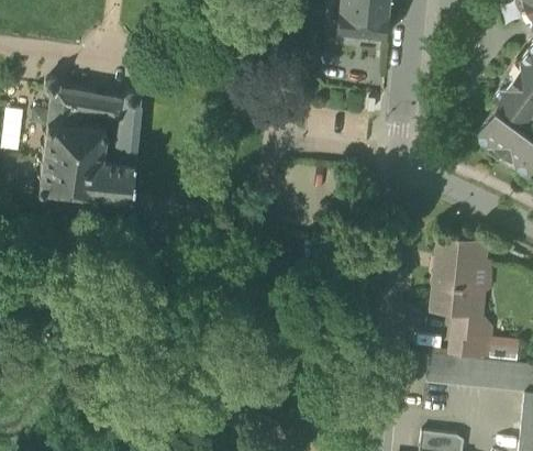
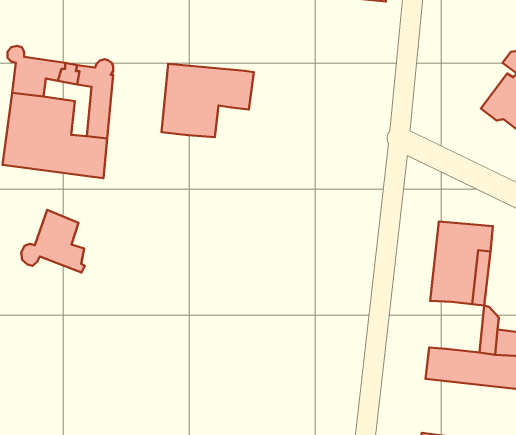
building: none -> [162,64,254,137]
building: none -> [21,210,85,272]
building: [445,314,480,360] -> none

